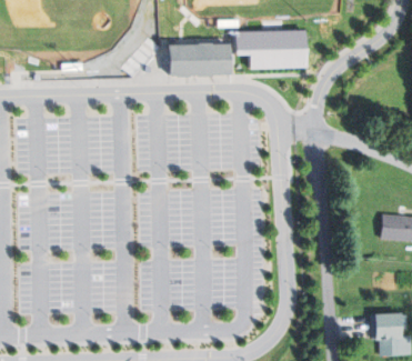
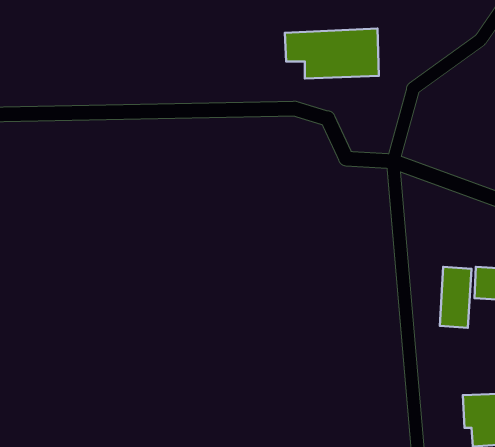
building: [165,43,230,74] -> none
building: none -> [440,267,471,328]

